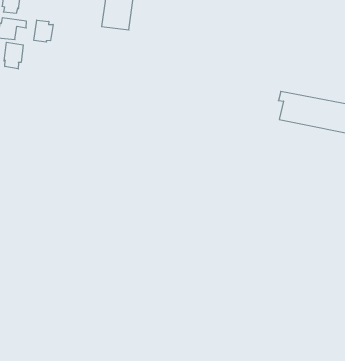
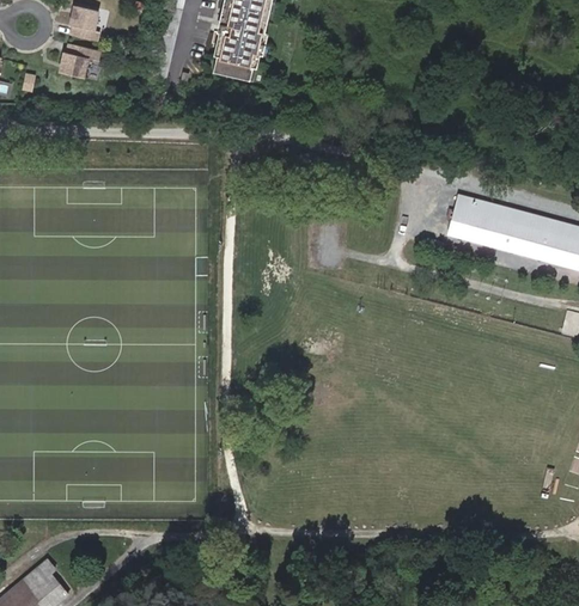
building: [34,20,53,42] -> none
building: [4,42,23,69] -> none

